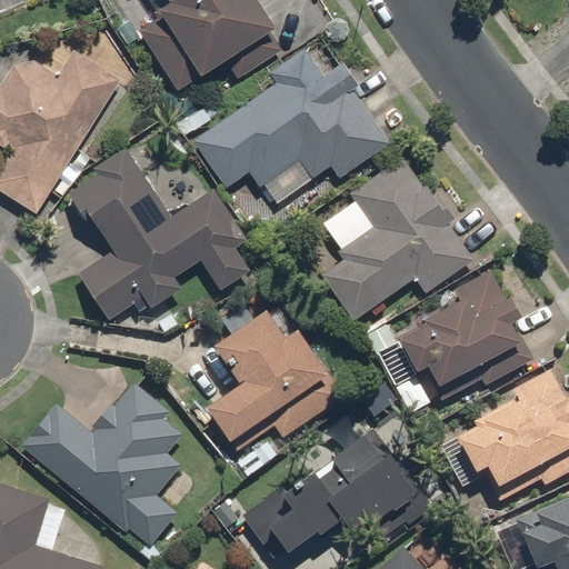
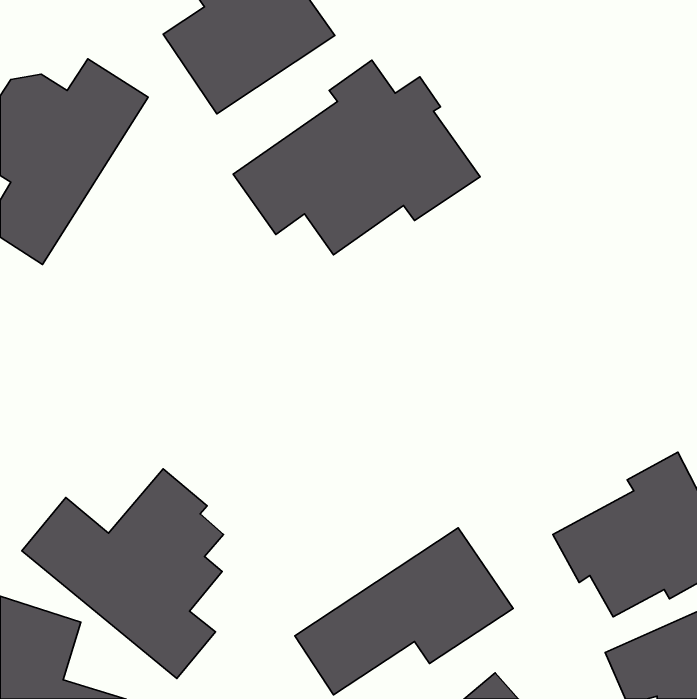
building: [66,147,252,323] -> none
building: [321,157,476,322] -> none
building: [395,270,535,400] -> none
building: [199,310,348,456] -> none

